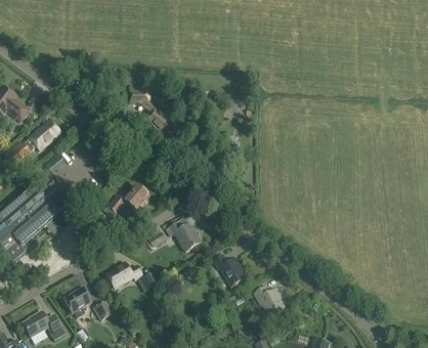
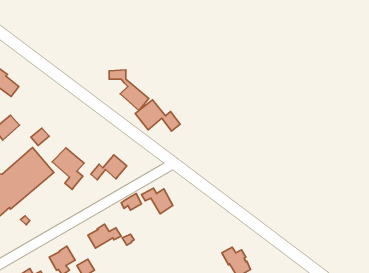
building: [29,119,59,149] -> none
building: none -> [135,100,180,131]
building: none -> [52,148,84,189]
building: [213,254,246,287] -> none

